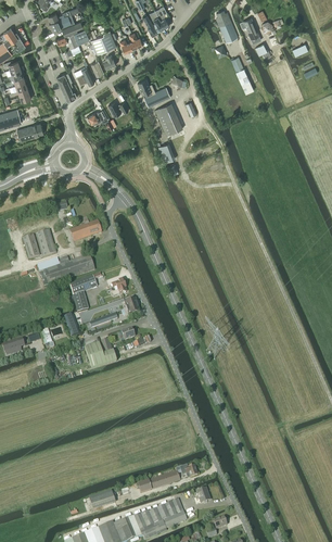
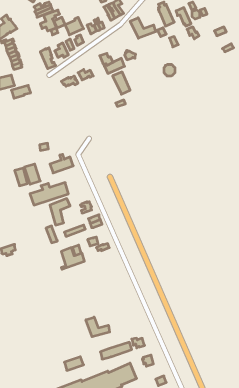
building: none -> [130,18,156,38]
building: none -> [86,317,110,337]

